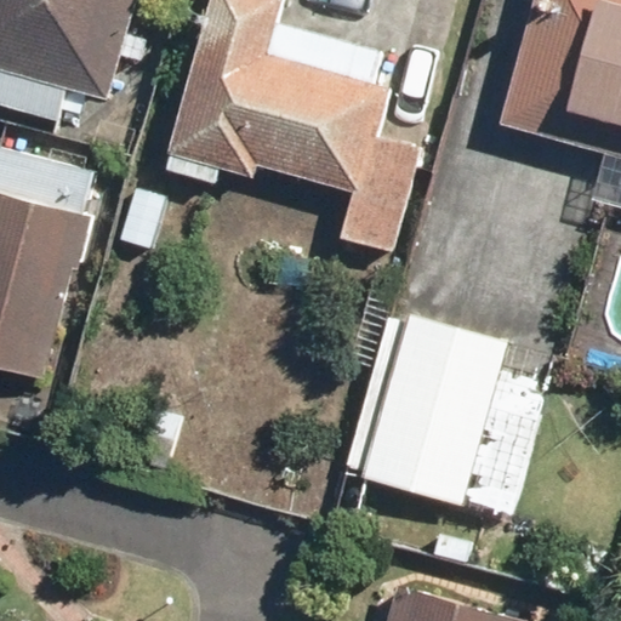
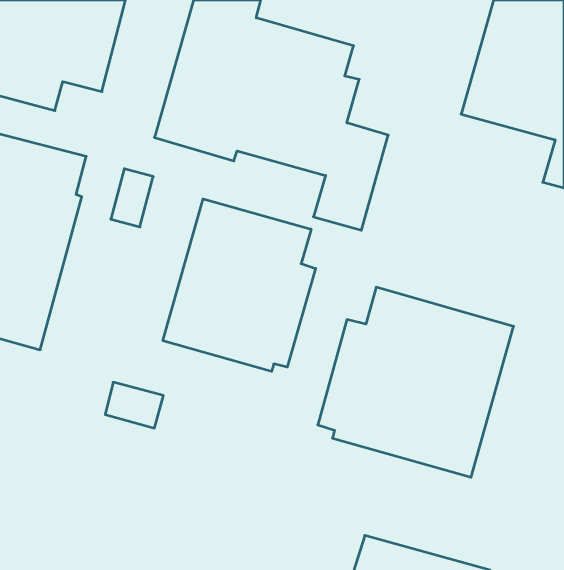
building: none -> [163,199,316,371]

